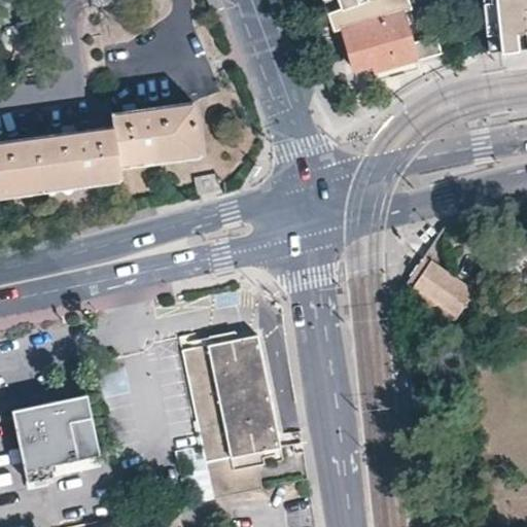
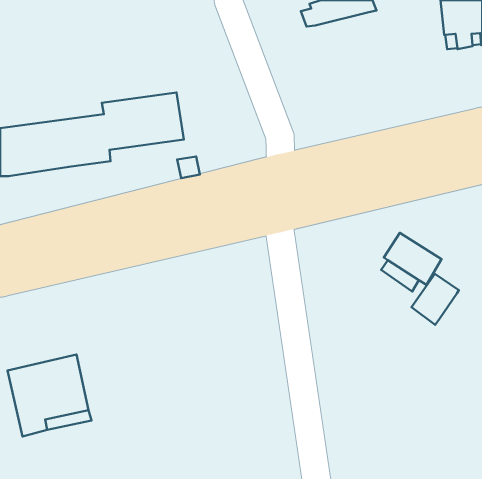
building: [344,16,415,73] -> none
building: none -> [411,274,459,325]
building: [186,336,281,503] -> none

